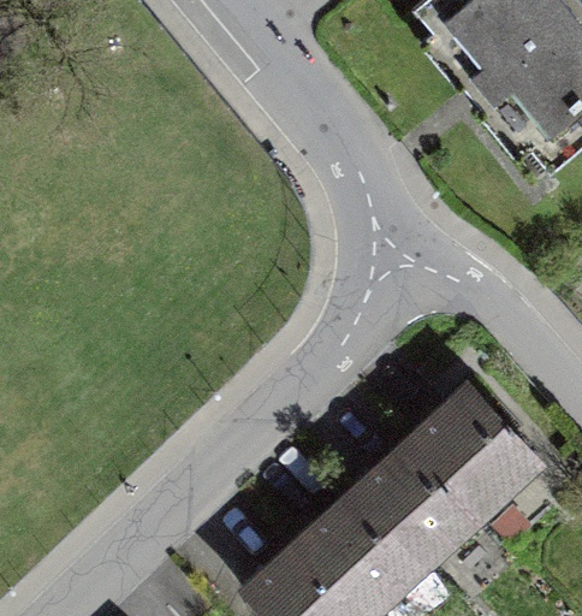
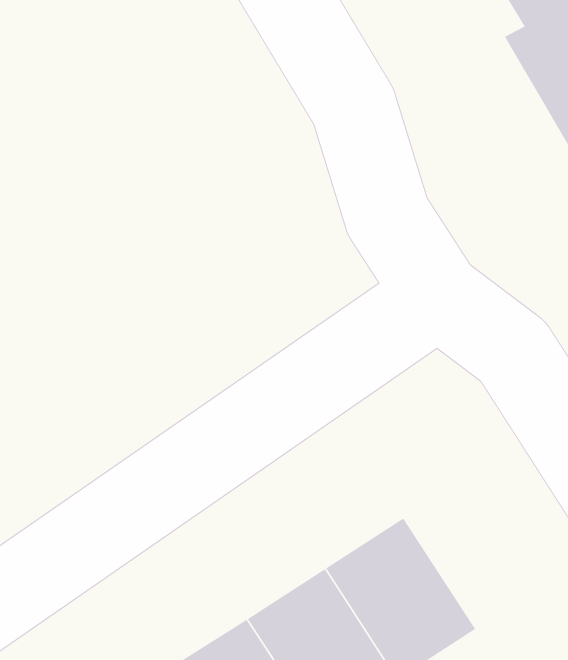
building: [416,385,545,516] -> none

